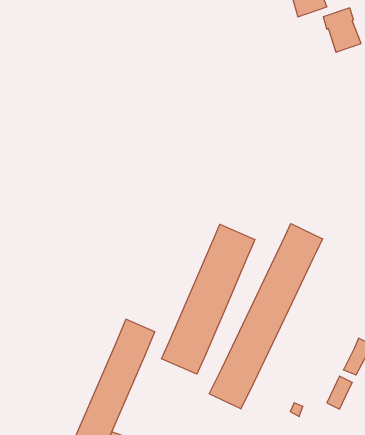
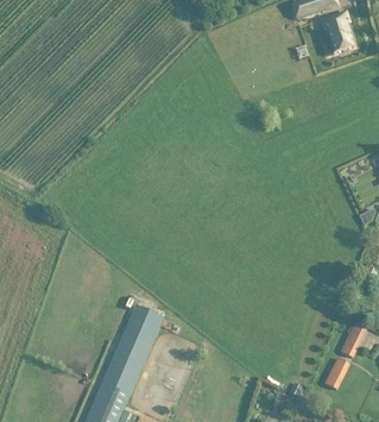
building: [209,224,323,409] -> none
building: [161,224,255,374] -> none

